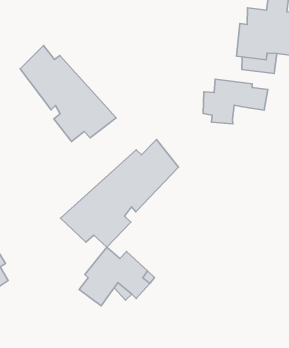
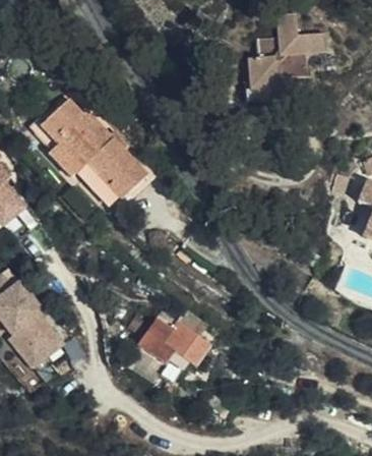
building: [203,79,268,124] -> none
building: [60,139,179,247] -> none

